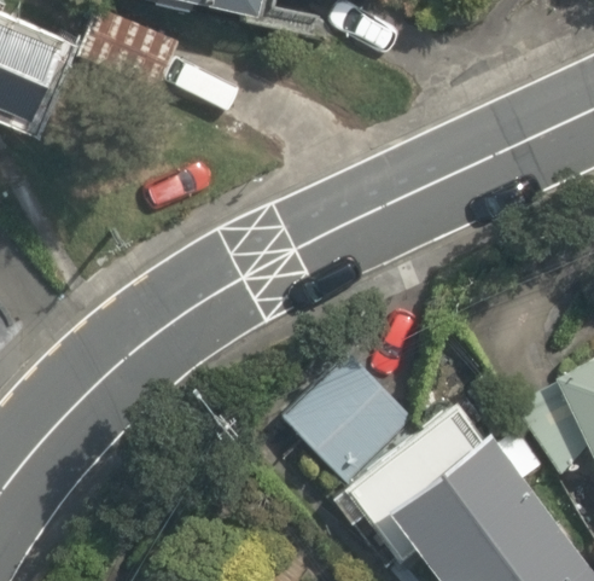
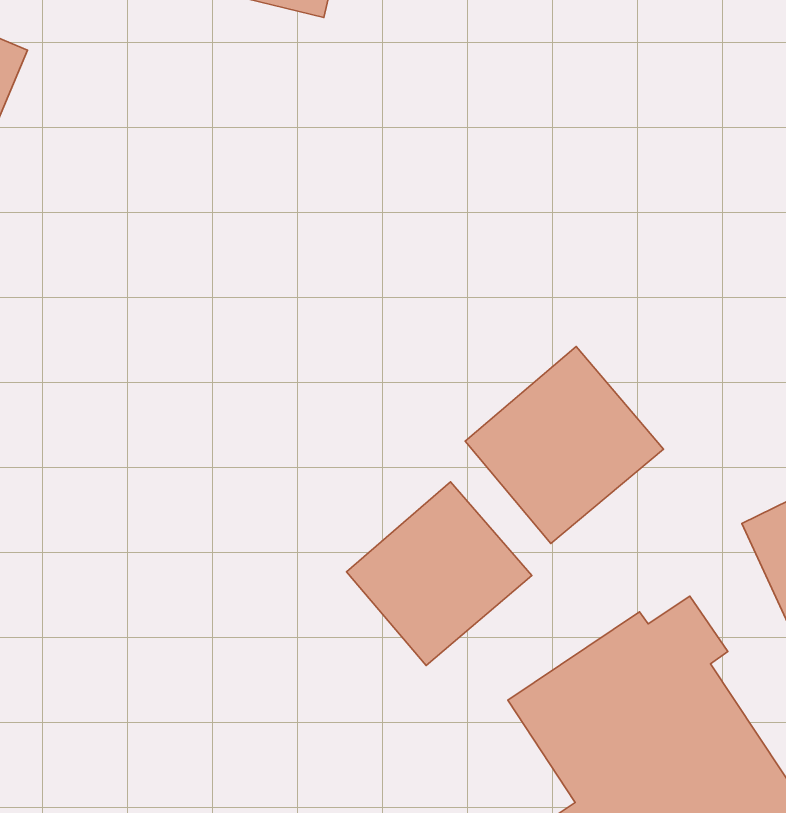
building: none -> [465,347,663,544]

